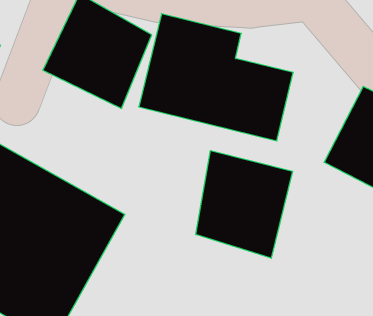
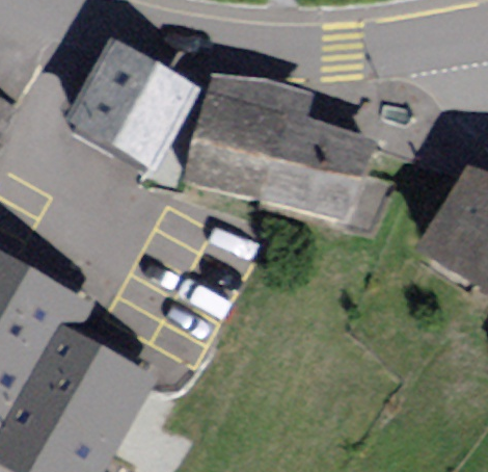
building: [196,151,293,258] -> none

